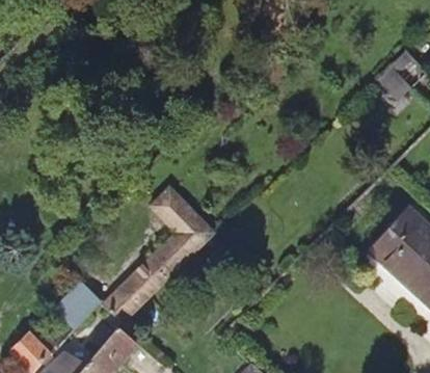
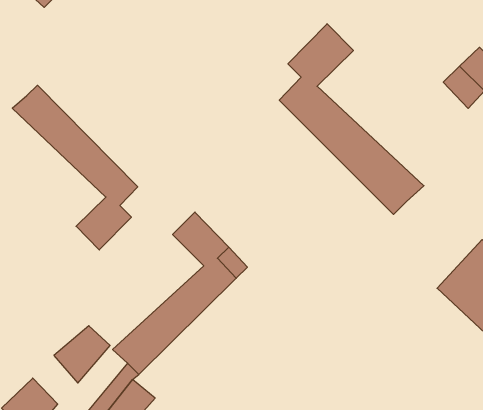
building: none -> [279,24,424,214]
building: none -> [12,85,138,250]

